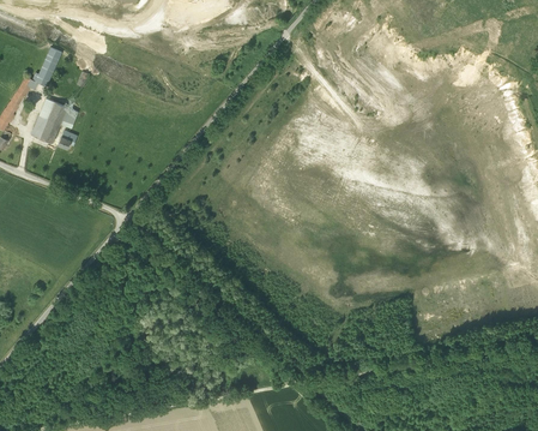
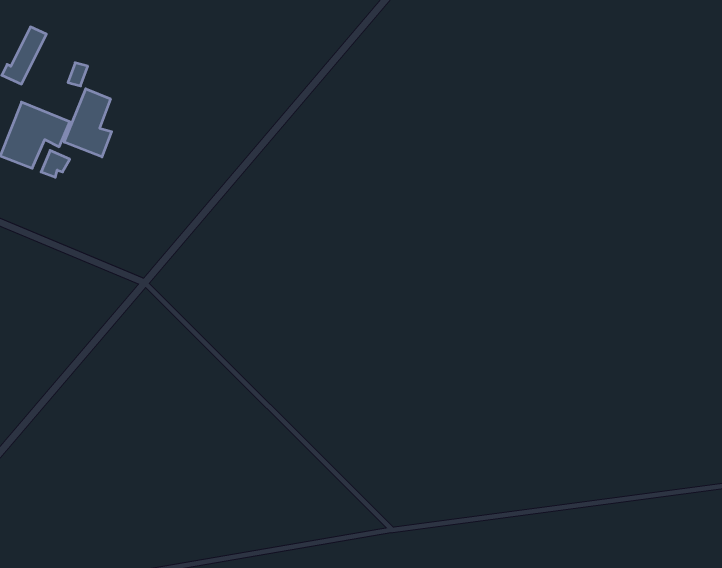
building: none -> [64,89,112,157]

